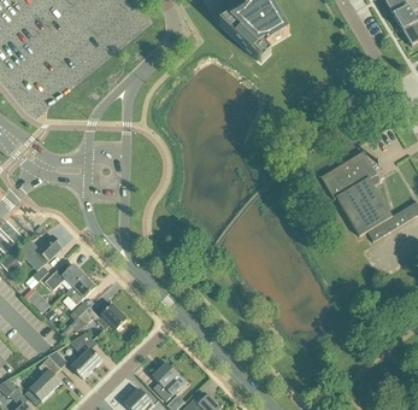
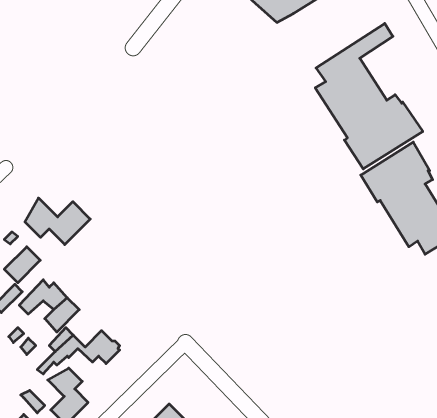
building: none -> [315,23,423,169]
building: none -> [25,198,90,245]

